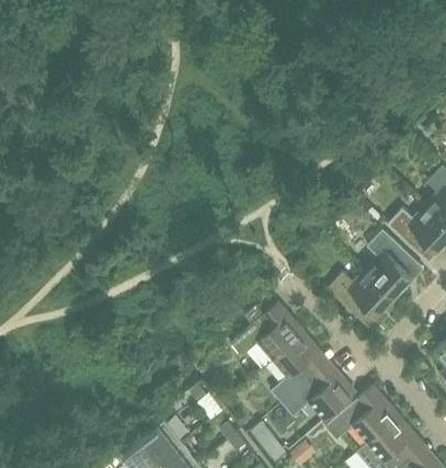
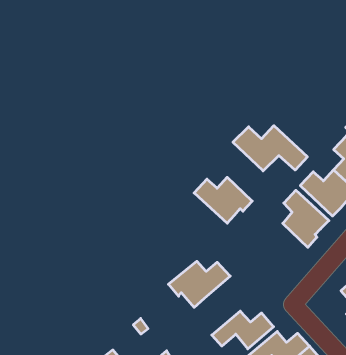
building: none -> [233,126,307,171]
building: [327,270,396,324] -> [194,177,252,223]
building: [272,332,318,402] -> none

